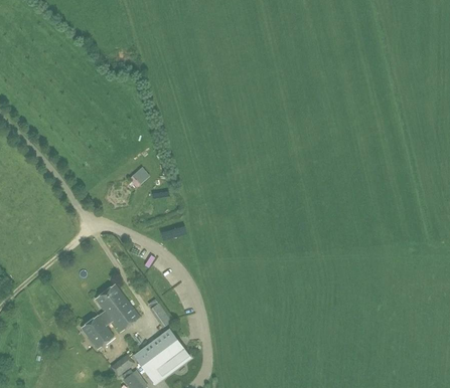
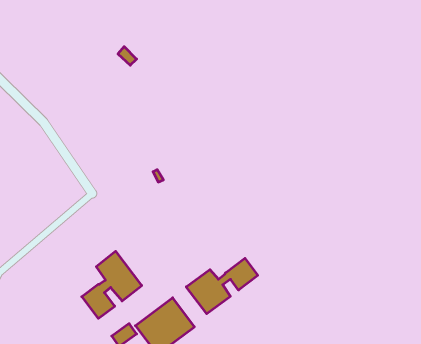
building: none -> [186,258,258,314]

